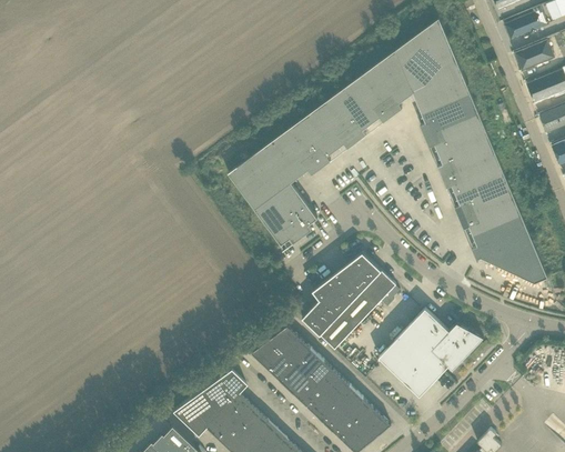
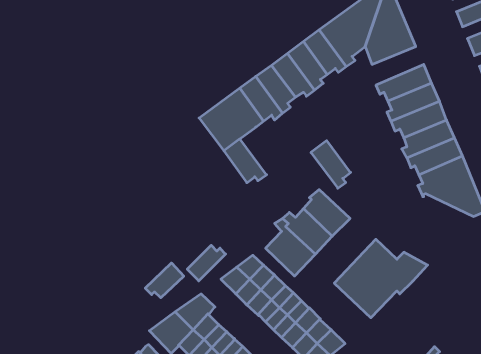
building: [420,93,478,137] -> none
building: [273,183,317,237] -> [311,141,351,188]
building: none -> [187,245,226,281]
building: none -> [145,263,184,298]

